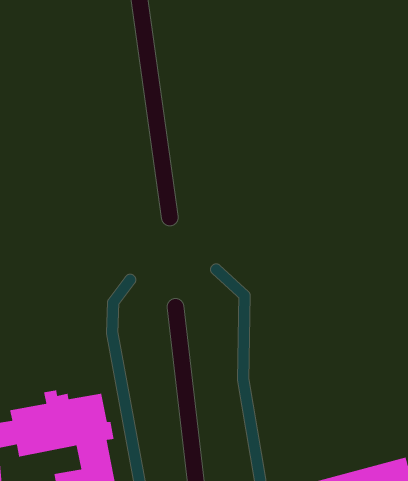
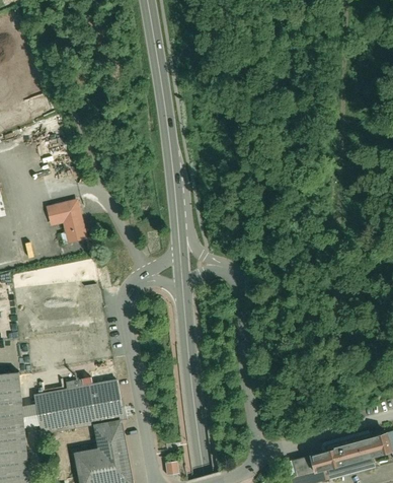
building: none -> [47,199,86,246]

